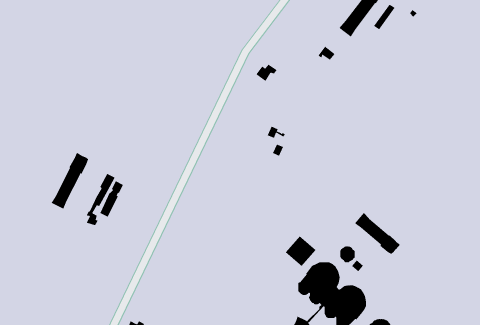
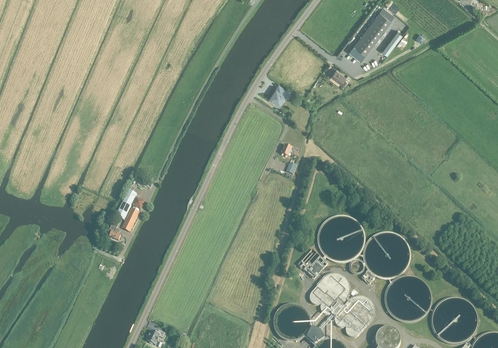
building: [51,152,89,209] -> none
building: [354,212,401,255] -> none

